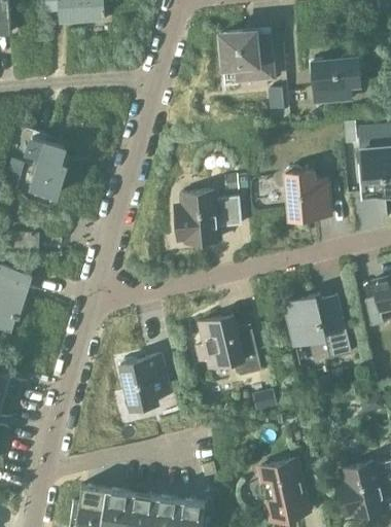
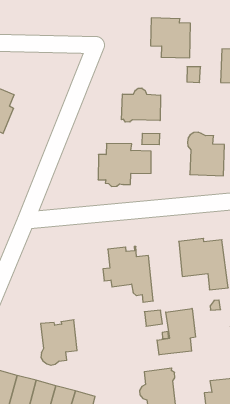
building: none -> [122,88,161,122]
building: [119,353,168,412] -> [41,320,77,365]
building: none -> [157,308,195,355]

